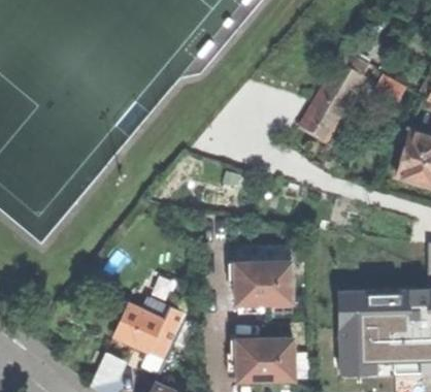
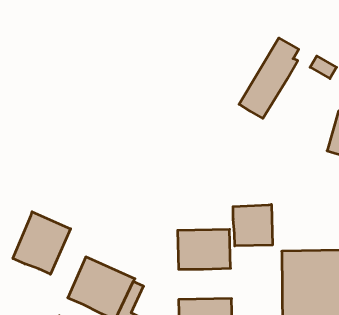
building: none -> [233,204,272,246]
building: none -> [13,212,71,274]

